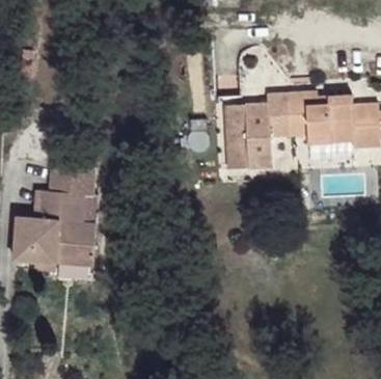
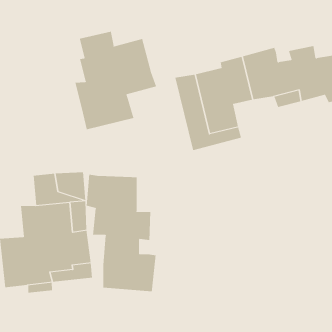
building: none -> [75,31,157,130]
building: none -> [86,174,156,292]

